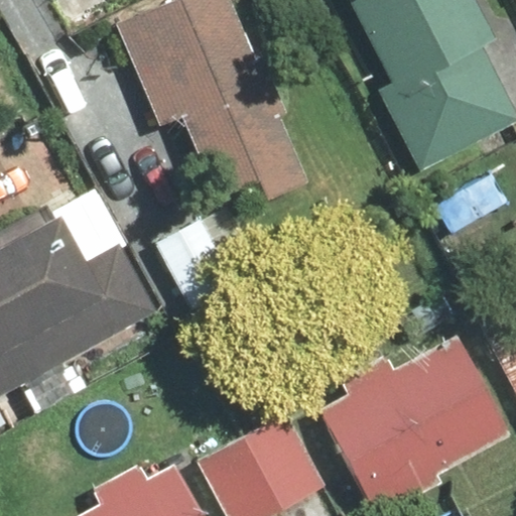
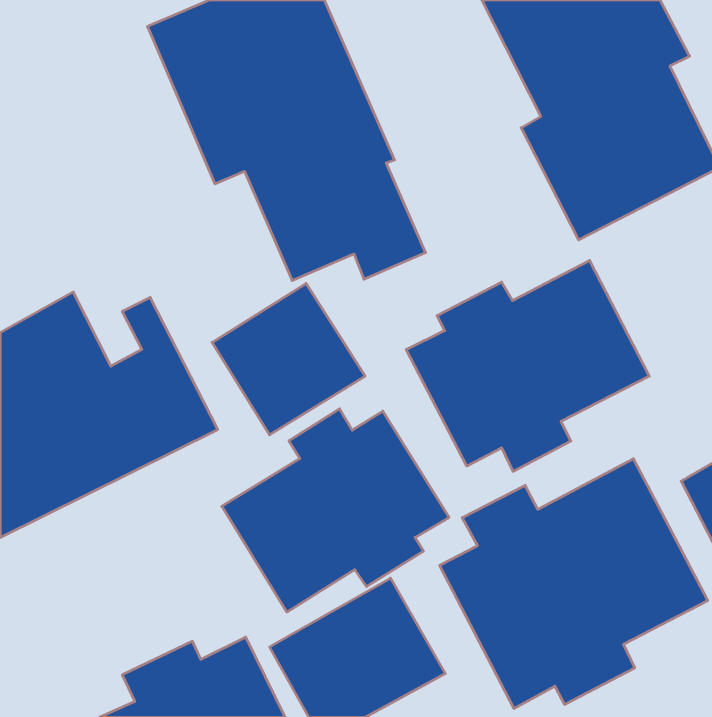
building: none -> [406,260,649,471]
building: none -> [222,409,449,612]

